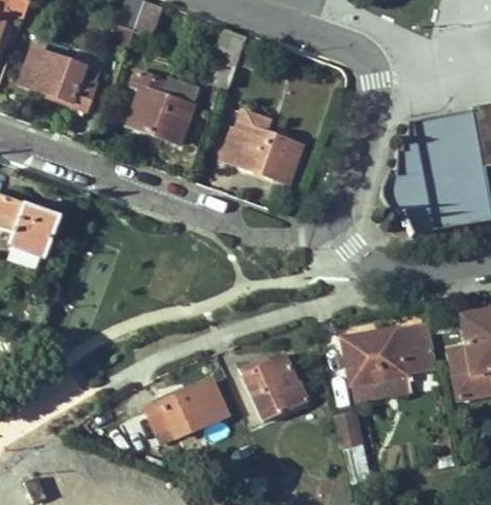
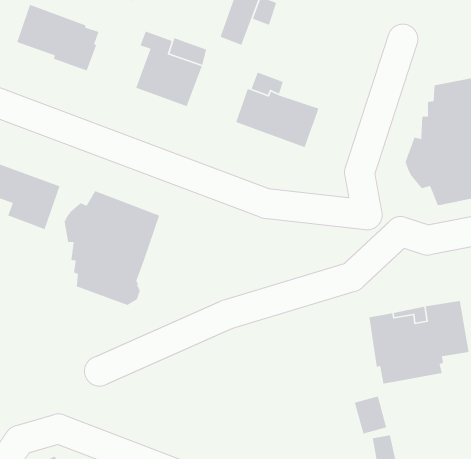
building: none -> [64,191,160,306]
building: [241,355,310,422] -> none
building: [146,382,229,437] -> none

